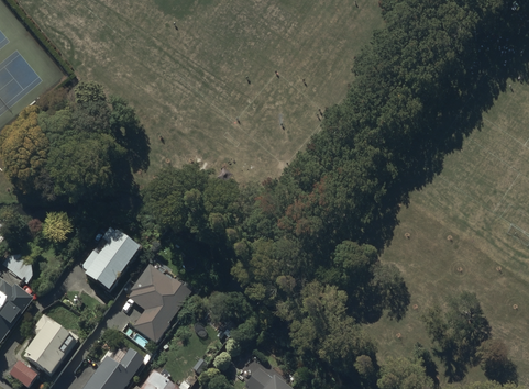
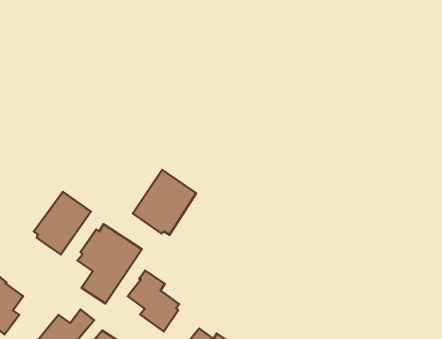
building: none -> [133,170,196,235]
building: none -> [128,271,179,331]

